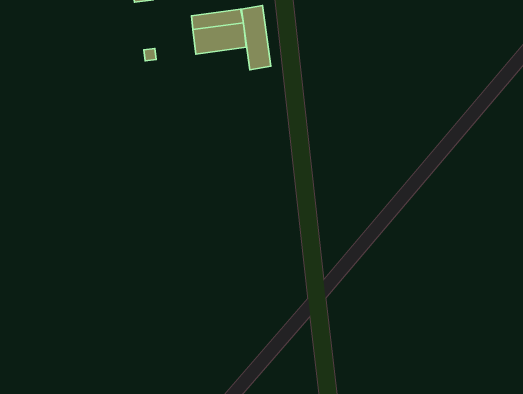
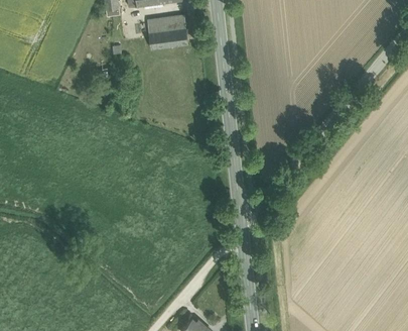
building: [242,6,271,70] -> none

